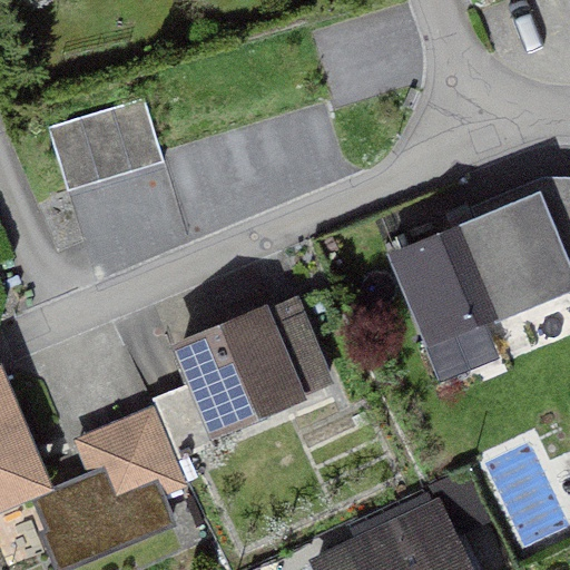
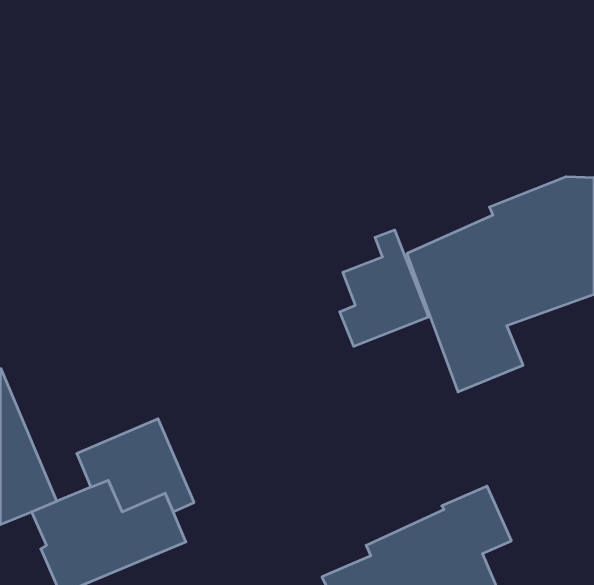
building: [48,107,165,203] -> none
building: none -> [340,230,428,346]
building: [170,296,334,438] -> none

